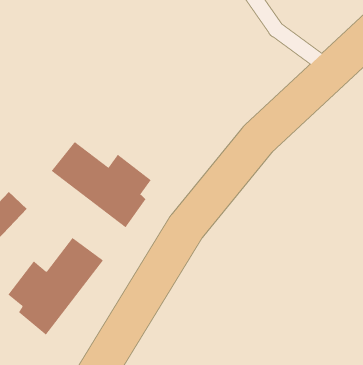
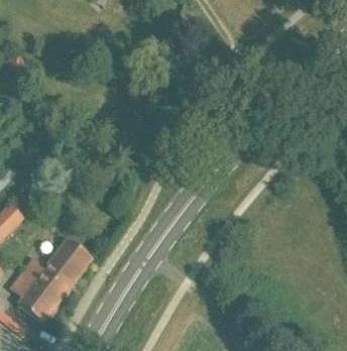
building: [51,141,151,228] -> none

